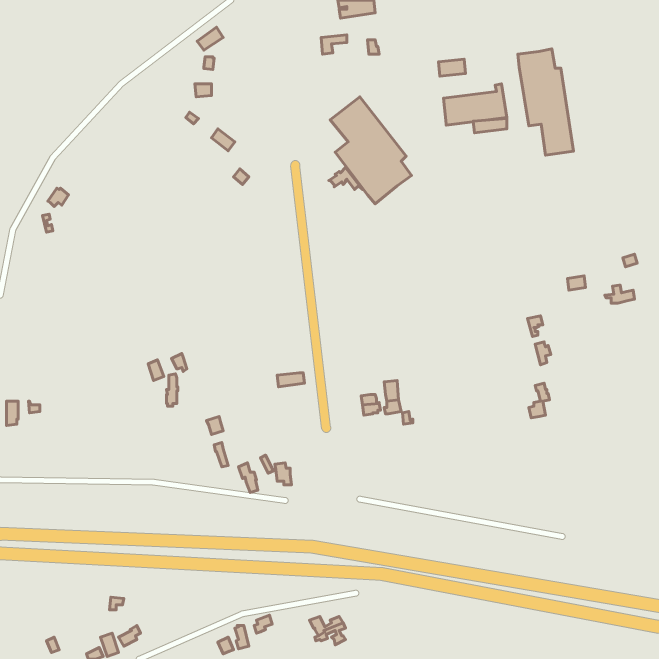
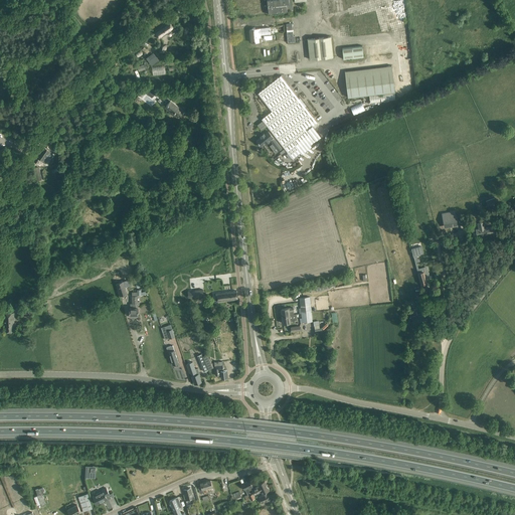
building: none -> [308,36,333,59]
building: [518,49,573,155] -> none

